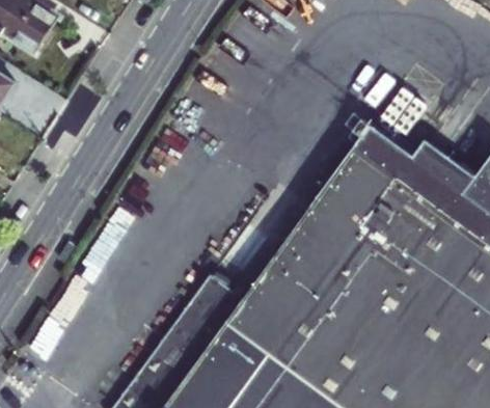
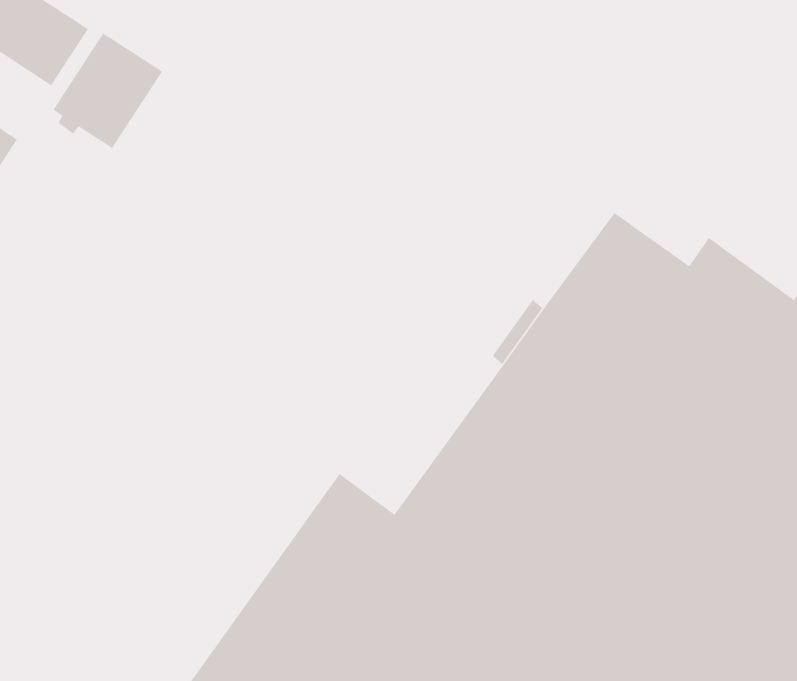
building: none -> [53,33,163,149]

